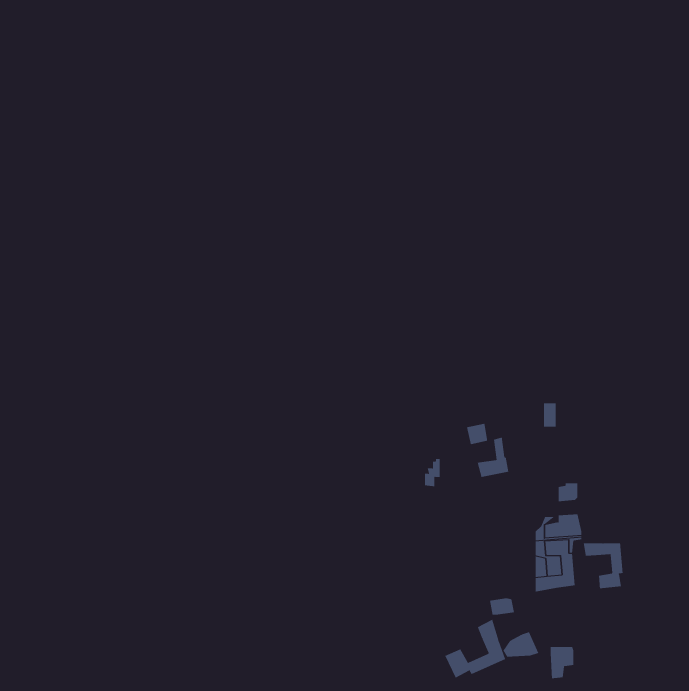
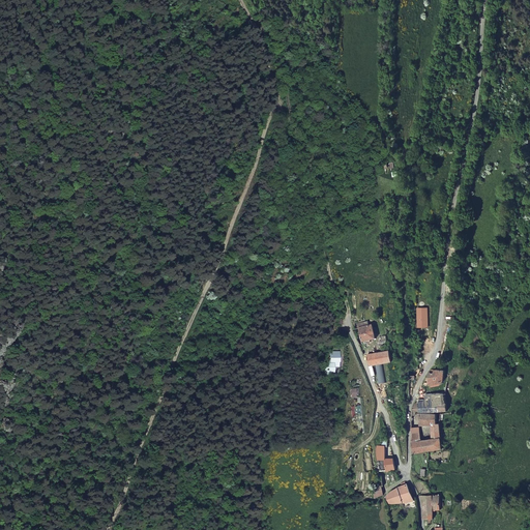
building: [583,542,623,589] -> none
building: [445,619,506,678] -> none

